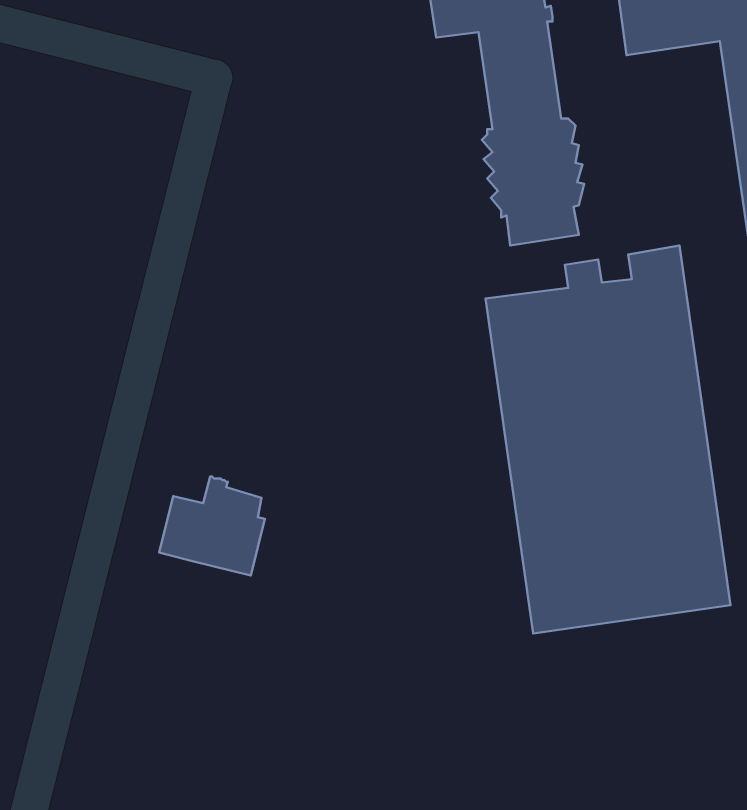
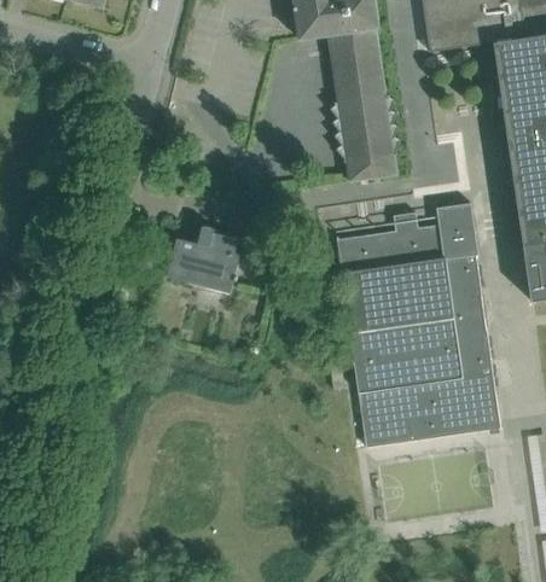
building: [159,477,265,575] -> [168,226,240,293]

